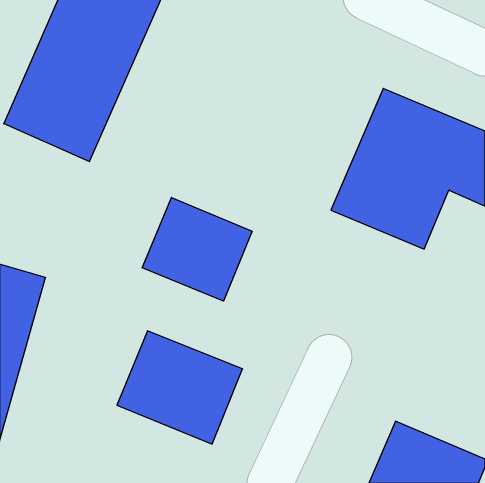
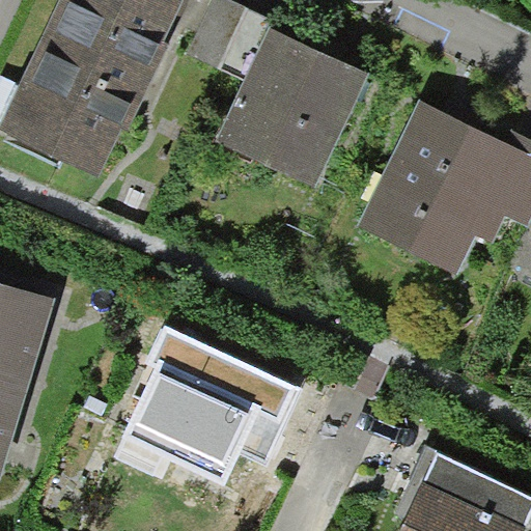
building: none -> [222,34,365,186]
building: [142,197,252,301] -> none

